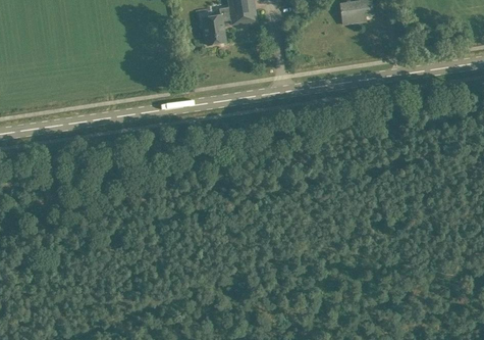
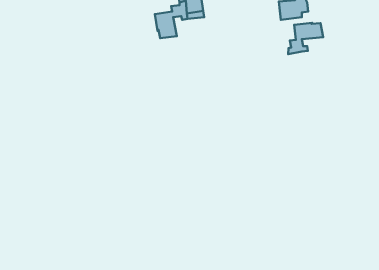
building: none -> [288,23,323,54]

